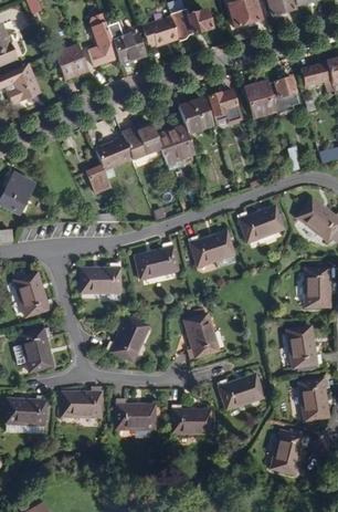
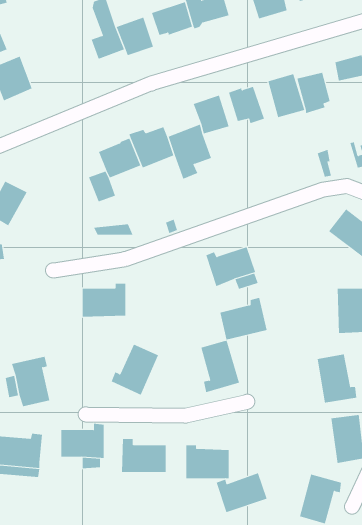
building: [56,43,88,77] -> none
building: [237,205,284,241] -> none
building: [137,241,179,279] -> [219,297,267,340]
building: [15,272,53,315] -> none
building: [219,373,264,408] -> [216,472,267,513]

